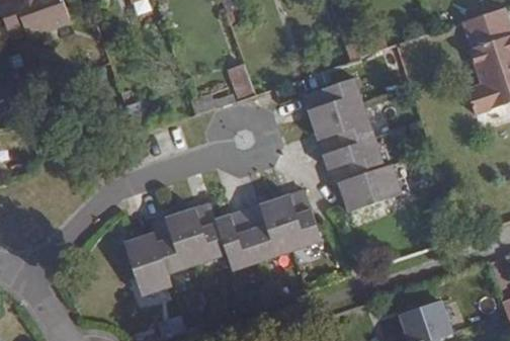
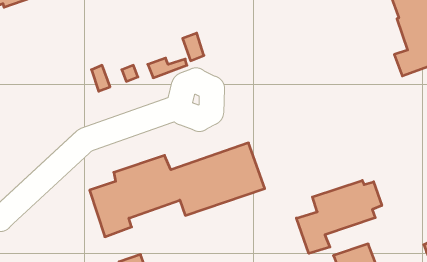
building: [302,78,402,212] -> none
building: none -> [296,180,382,253]

